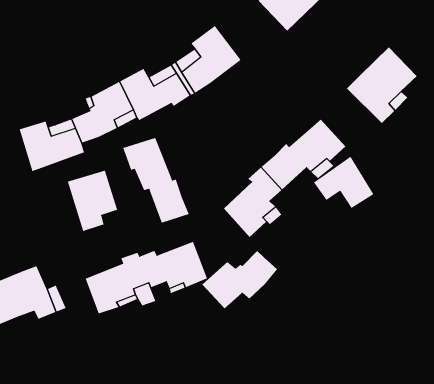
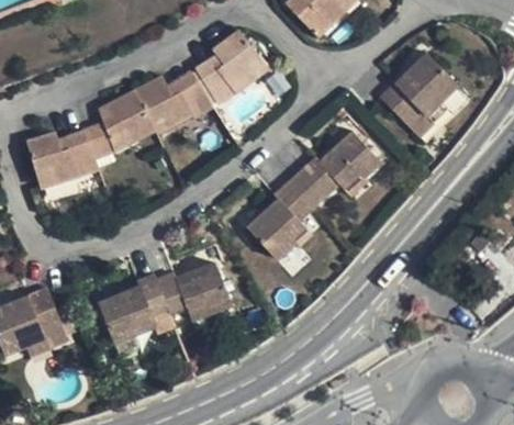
building: [122,137,189,224] -> none
building: [313,156,374,209] -> none
building: [67,170,118,232] -> none
building: [201,250,278,309] -> none

